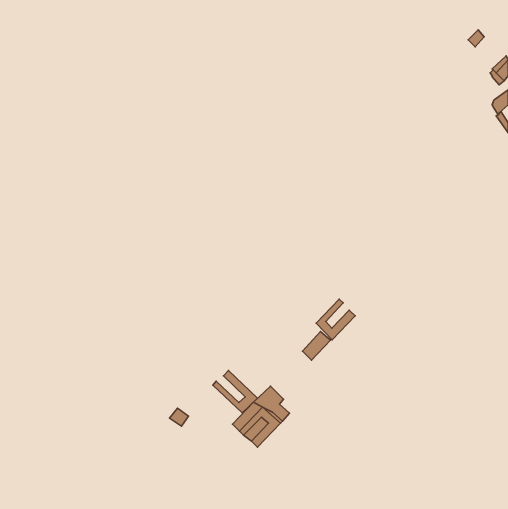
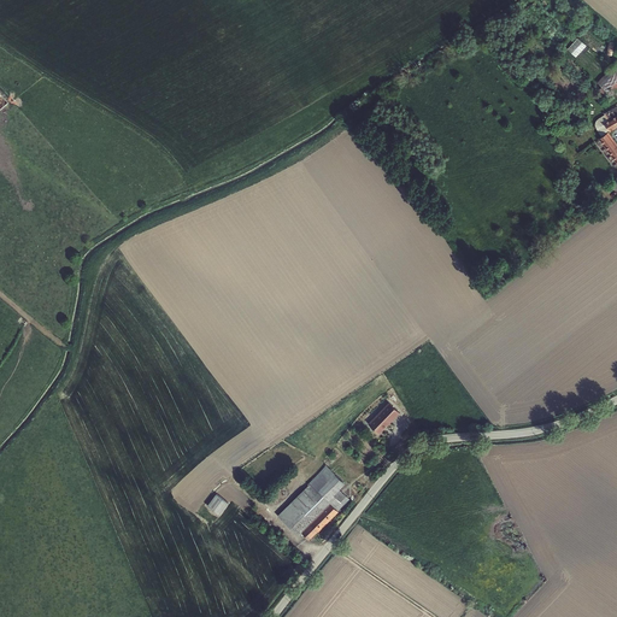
building: [316,299,355,340] -> none
building: [213,370,258,413] -> none

